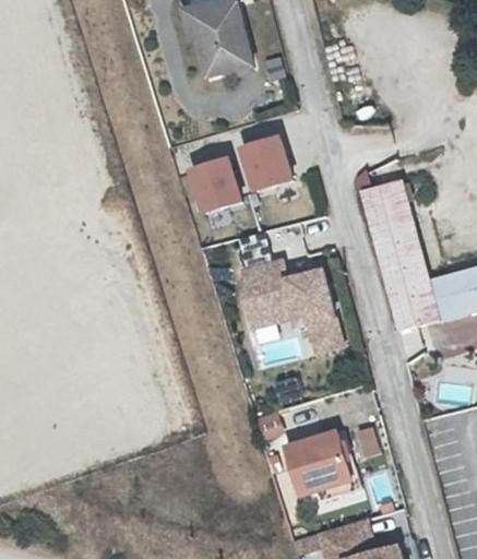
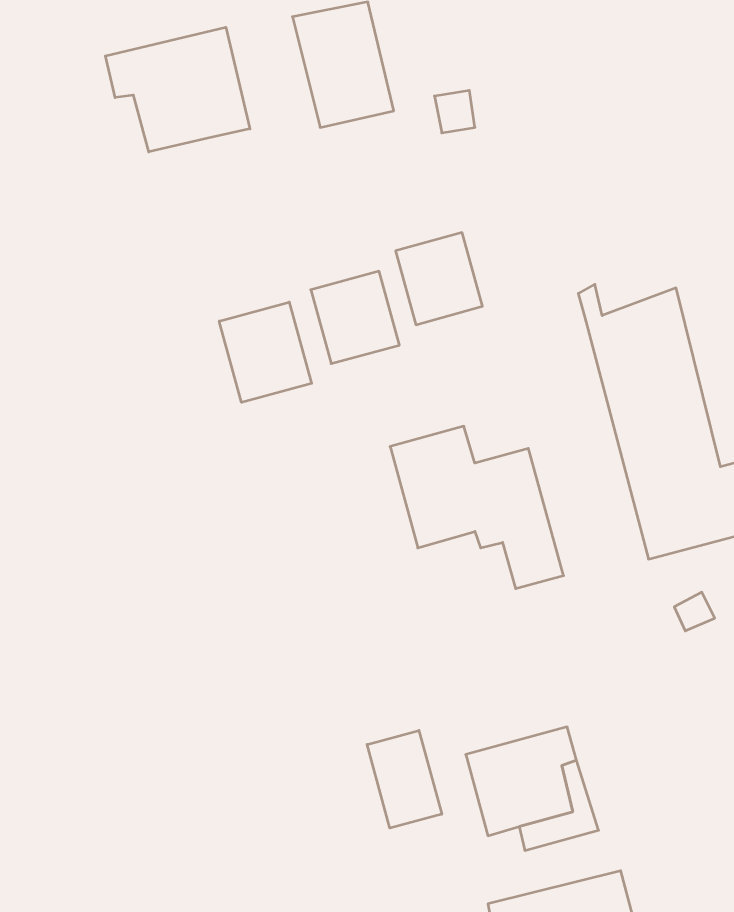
building: none -> [105,27,250,152]
building: none -> [219,302,312,402]
building: none -> [367,730,442,828]

